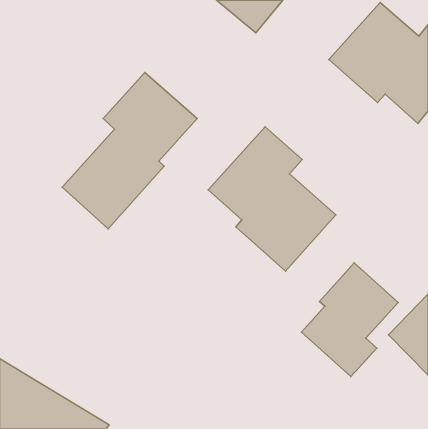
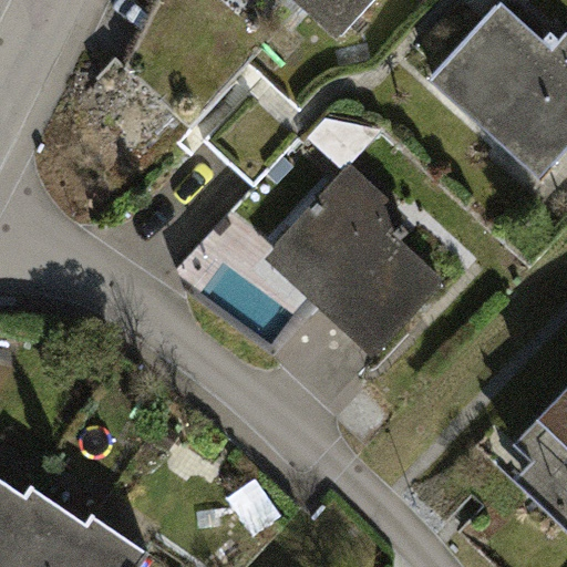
building: [62,72,197,229] -> none
building: [301,263,398,376] -> none

